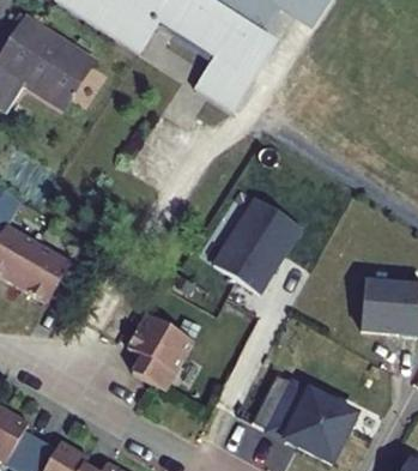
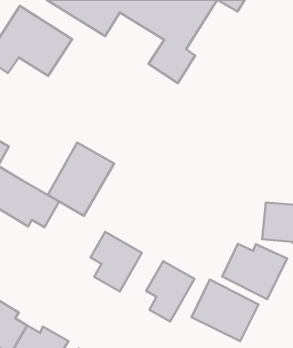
building: [213,195,299,291] -> [48,143,114,216]
building: none -> [222,244,287,299]
building: none -> [146,261,194,322]

